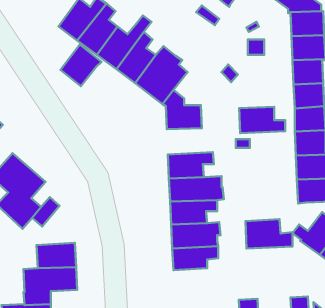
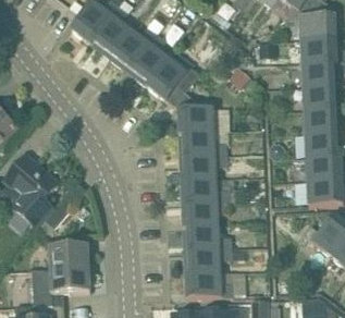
building: [60,45,101,86] -> none
building: [239,107,285,133] -> [178,130,224,156]
building: [246,219,293,249] -> [185,269,232,298]

